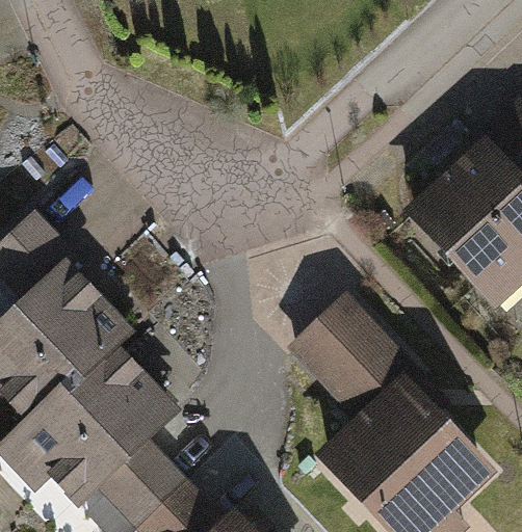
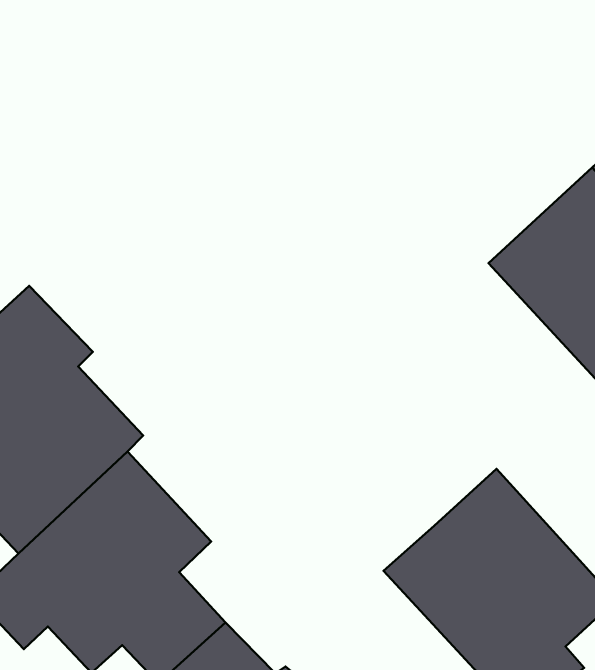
building: [293,289,418,416] -> none

